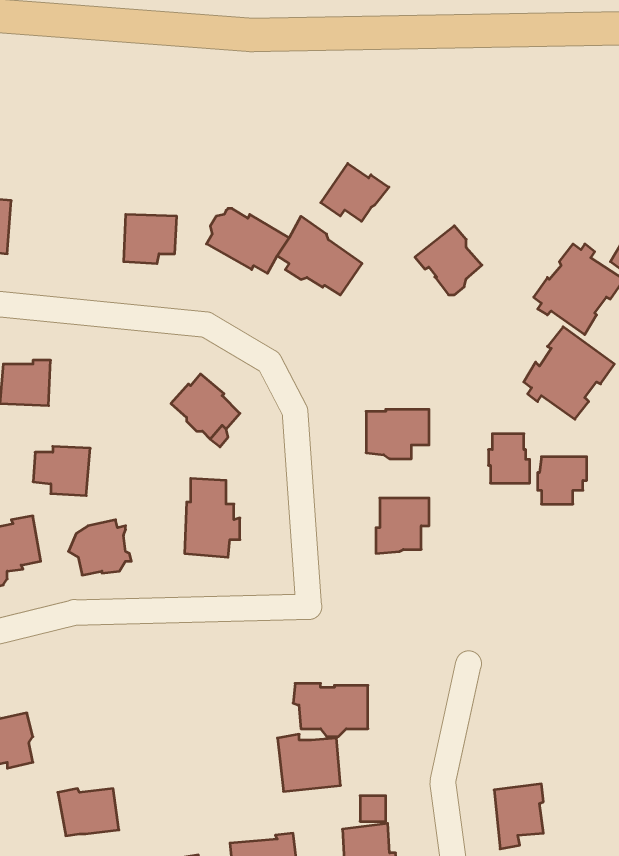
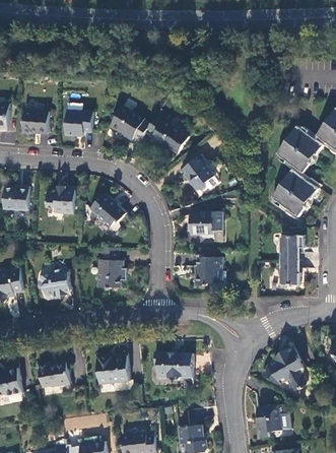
building: [321,163,389,221] -> none
building: none -> [22,110,49,133]
building: [415,226,482,295] -> [181,154,215,190]
building: [488,434,530,483] -> [279,260,300,285]
building: [33,446,90,496] -> [46,188,75,213]
building: none -> [263,345,307,390]
building: [277,734,341,791] -> [96,353,129,383]
building: [58,789,119,836] -> [38,363,69,387]

